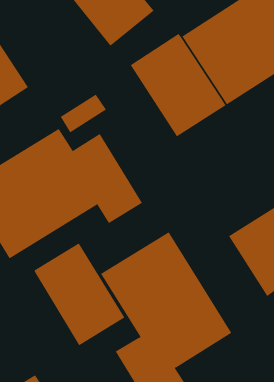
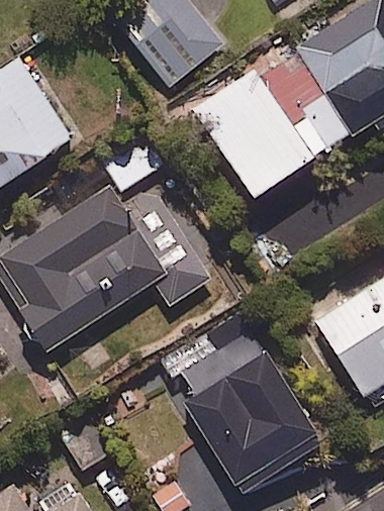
building: [33,243,125,346] -> none

